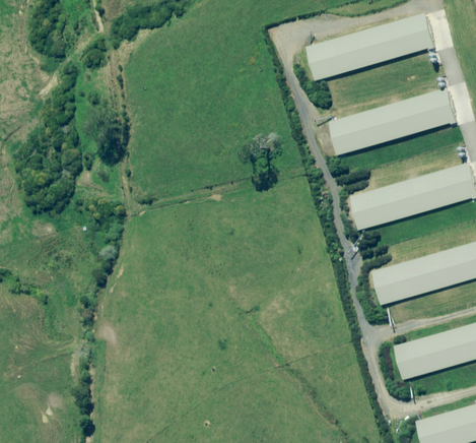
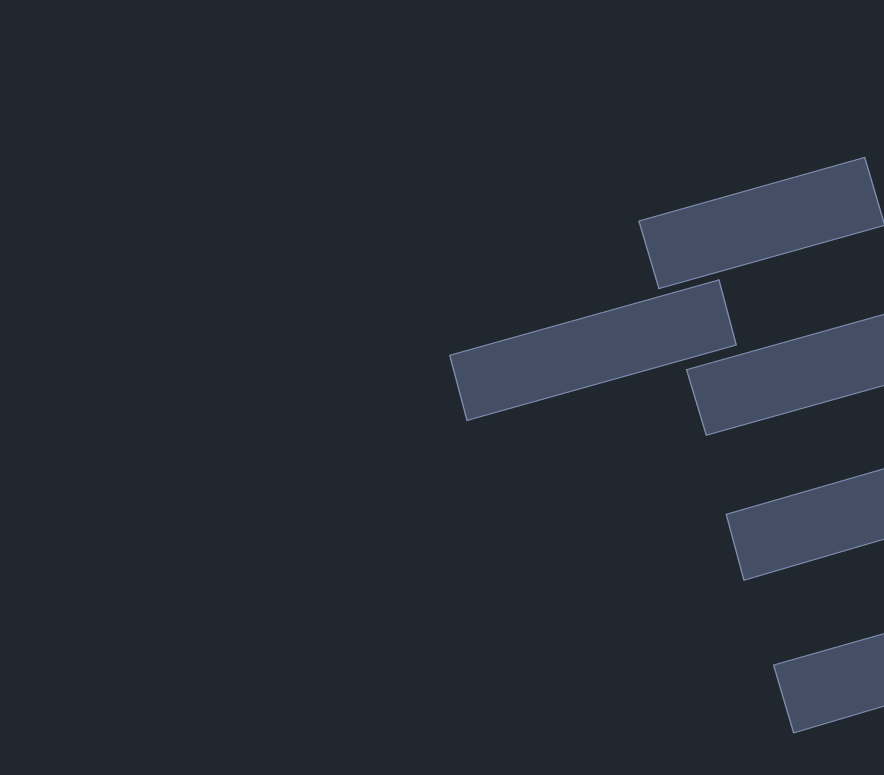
building: [307,14,431,81] -> none
building: none -> [450,280,736,421]

